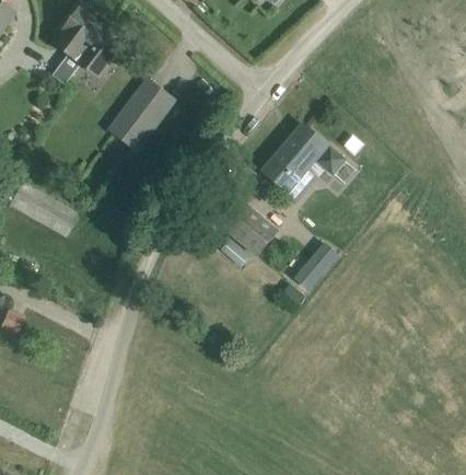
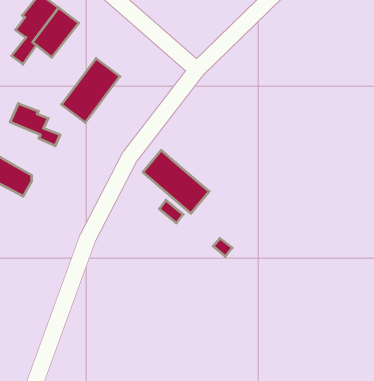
building: [263,124,346,199] -> none
building: none -> [10,103,60,146]
building: [293,242,338,290] -> none

